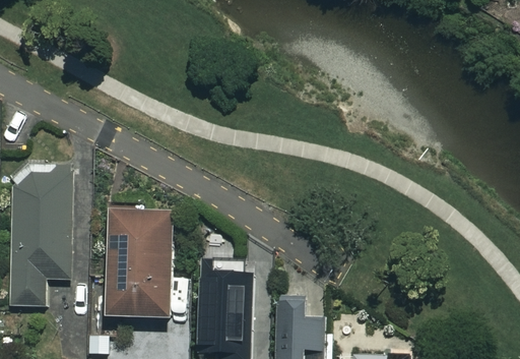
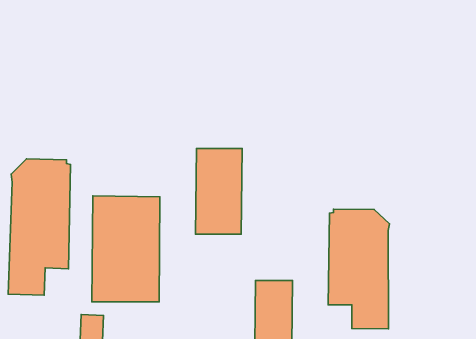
building: none -> [328,209,389,329]
building: [197,259,246,349] -> [195,149,242,234]

